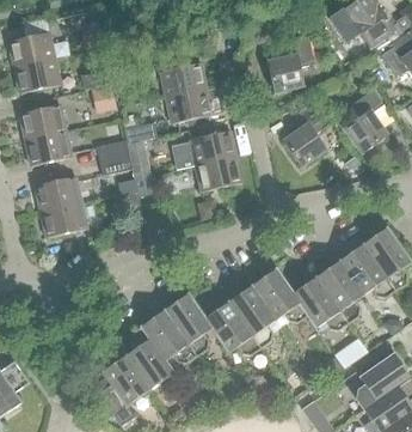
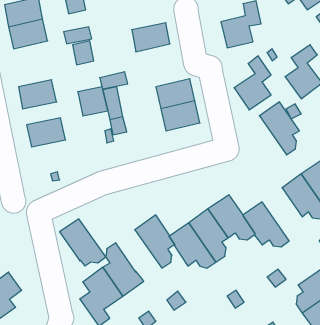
building: [165,86,211,122] -> none
building: [19,103,64,138] -> none
building: [41,201,86,236] -> none
building: [315,258,363,322] -> [259,102,299,155]
building: [141,309,196,365] -> [60,219,106,266]

